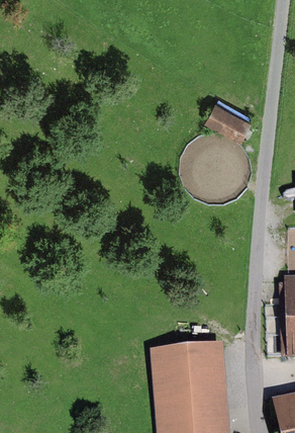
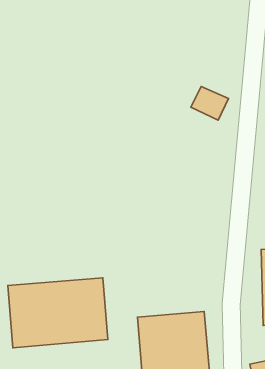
building: none -> [8,278,108,348]

